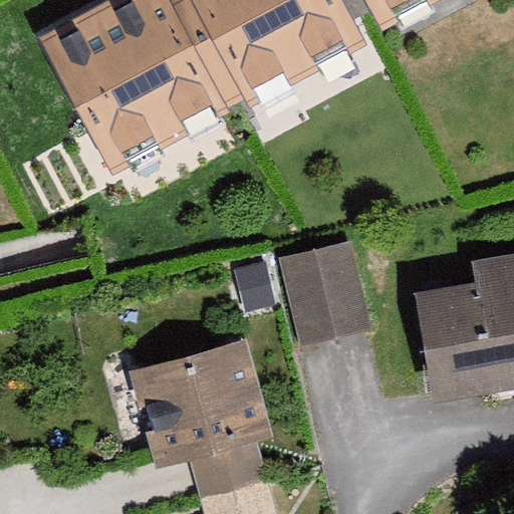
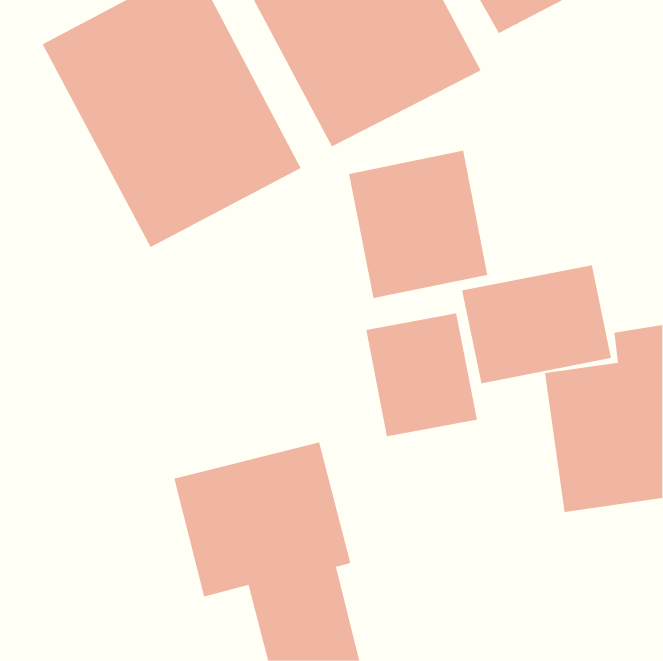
building: none -> [349,150,488,299]
building: none -> [462,265,612,384]

